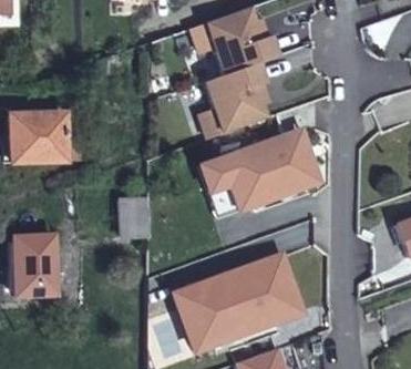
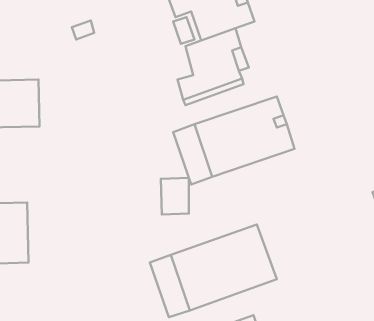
building: [119,198,146,235] -> [161,178,189,215]

